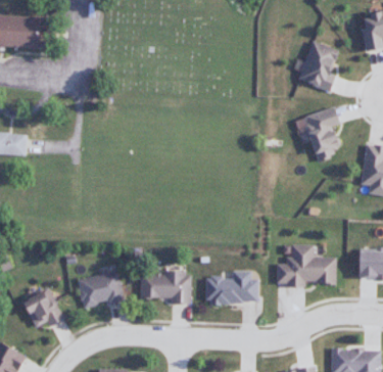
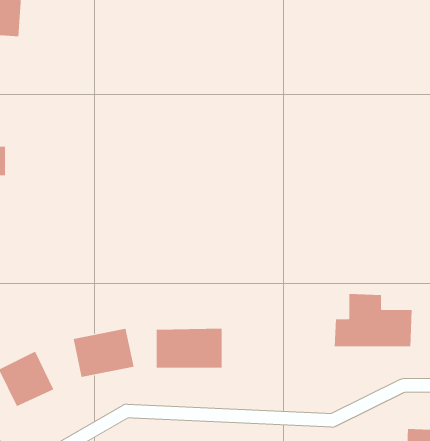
building: [299,40,340,89] -> none
building: [302,107,338,160] -> none
building: [206,277,258,303] -> none

